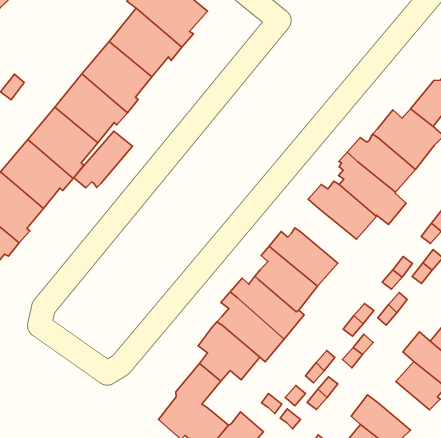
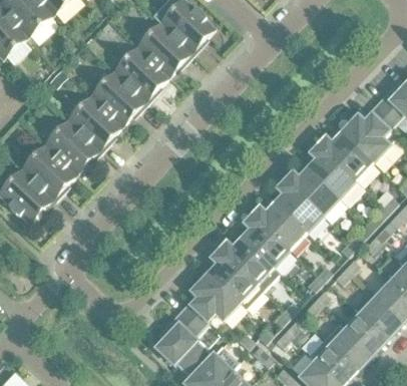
building: [74,131,132,188] -> none
building: none -> [274,180,322,233]
building: none -> [323,322,371,368]

